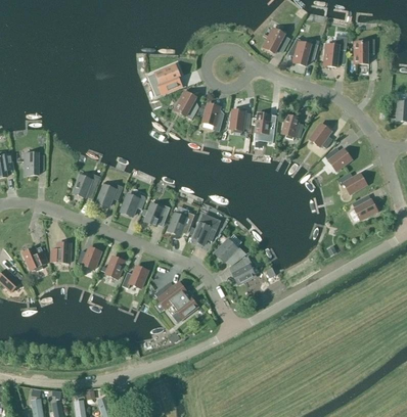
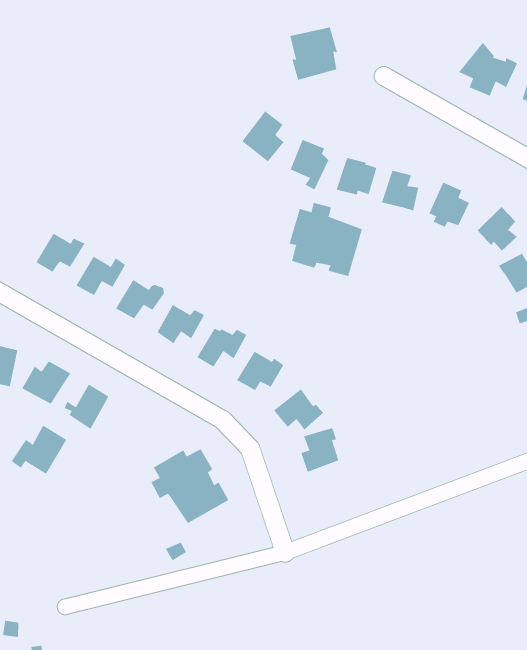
building: [261,26,288,52] -> none
building: [152,62,181,94] -> [289,27,338,80]
building: none -> [289,202,363,277]
building: [121,263,149,289] -> [11,425,67,474]

